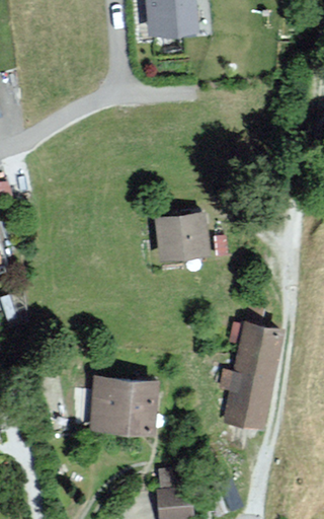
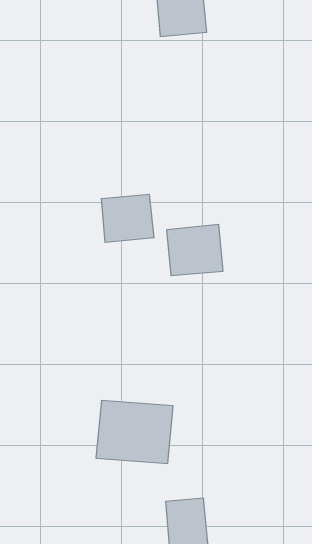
building: none -> [102,194,154,242]
building: [223,321,281,430] -> none

